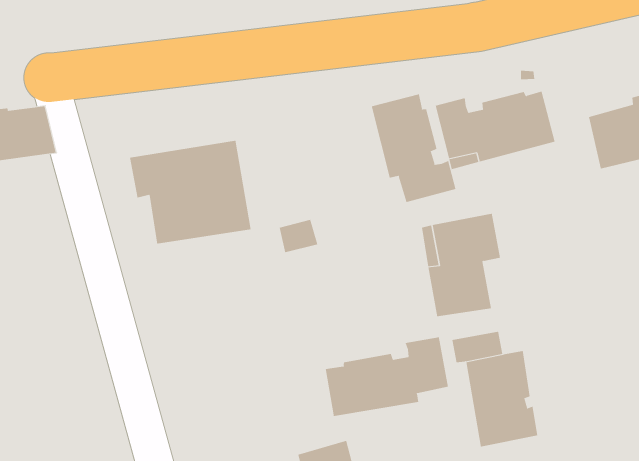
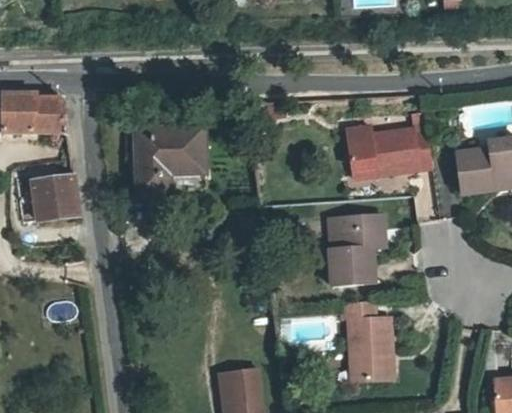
building: [371,93,456,203] -> none
building: none -> [33,174,80,219]
building: [325,337,448,417] -> none

